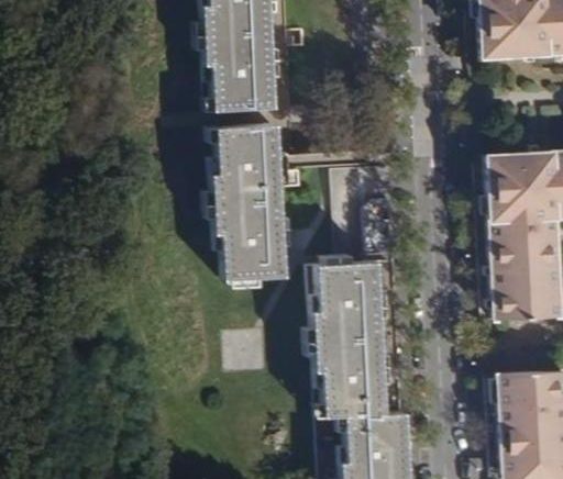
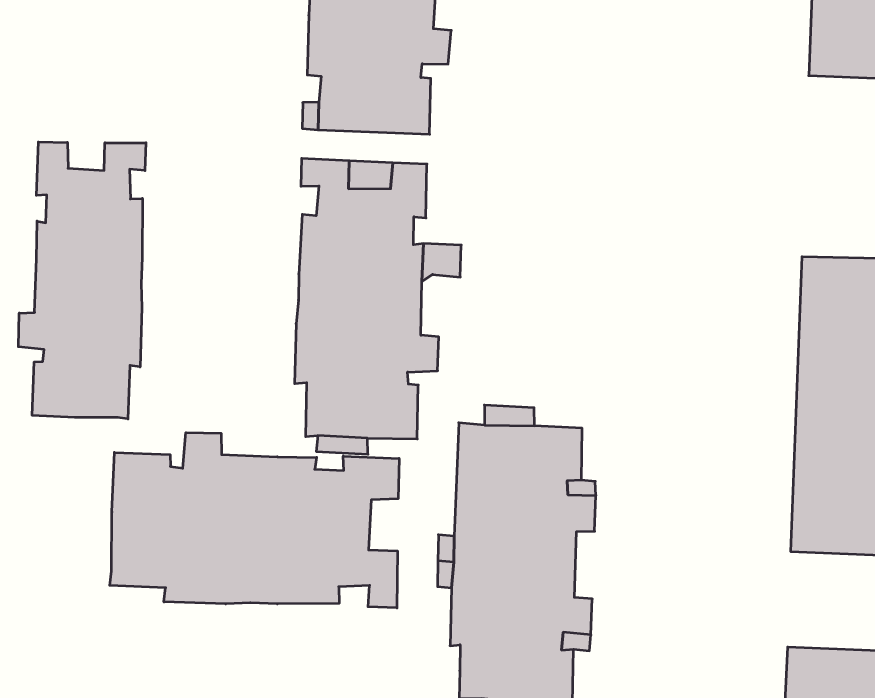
building: none -> [18,142,146,419]
building: none -> [110,433,399,608]

